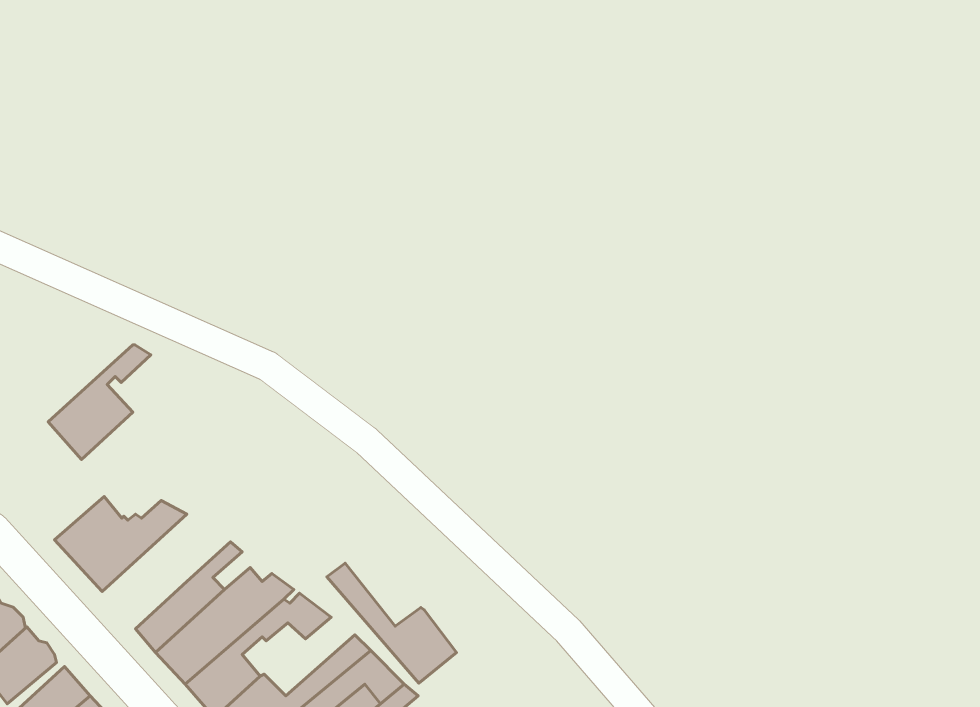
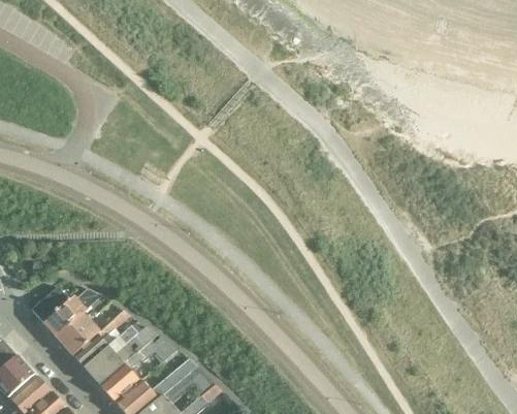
building: [48,345,151,460] -> [58,296,111,356]
building: [327,563,457,683] -> none

